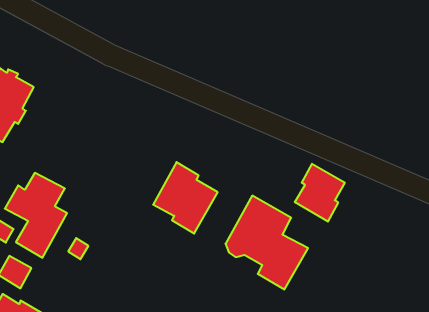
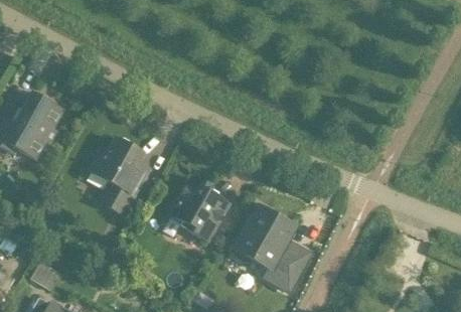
building: [295,164,345,222] -> none
building: [5,173,67,258] -> [89,138,145,214]

